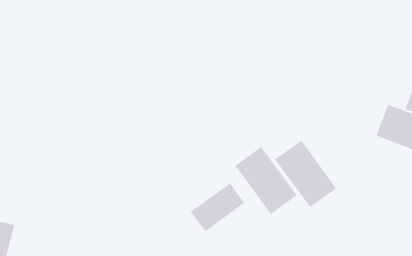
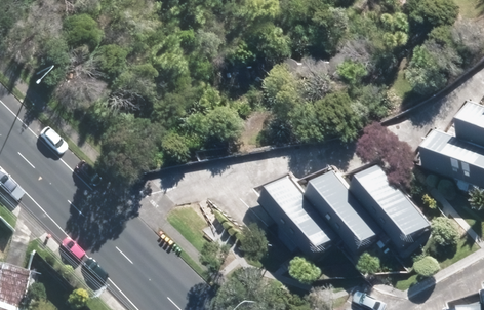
building: none -> [362,165,434,244]
building: [190,183,245,232] -> none

